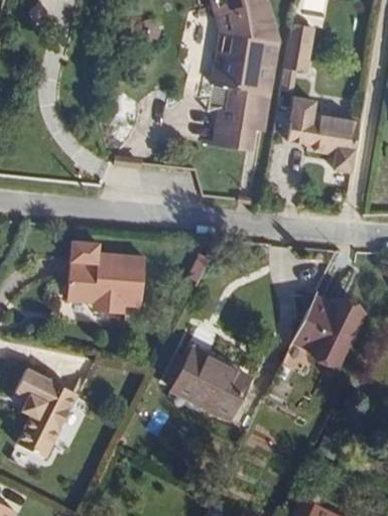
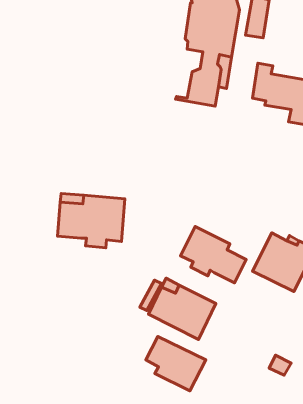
building: none -> [180,227,246,283]
building: [16,368,79,457] -> none
building: none -> [146,336,206,391]

